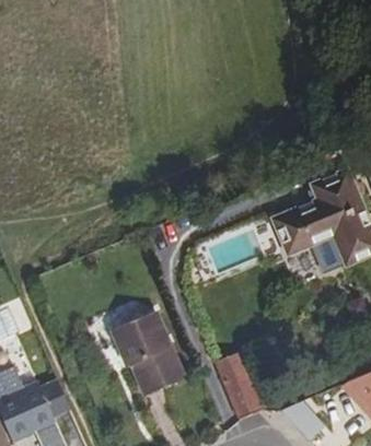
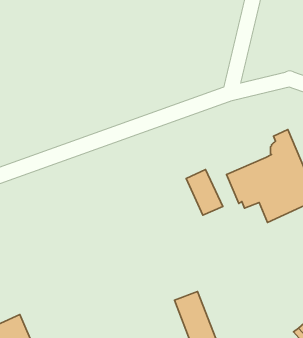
building: none -> [186,169,223,215]
building: [111,310,185,396] -> none

